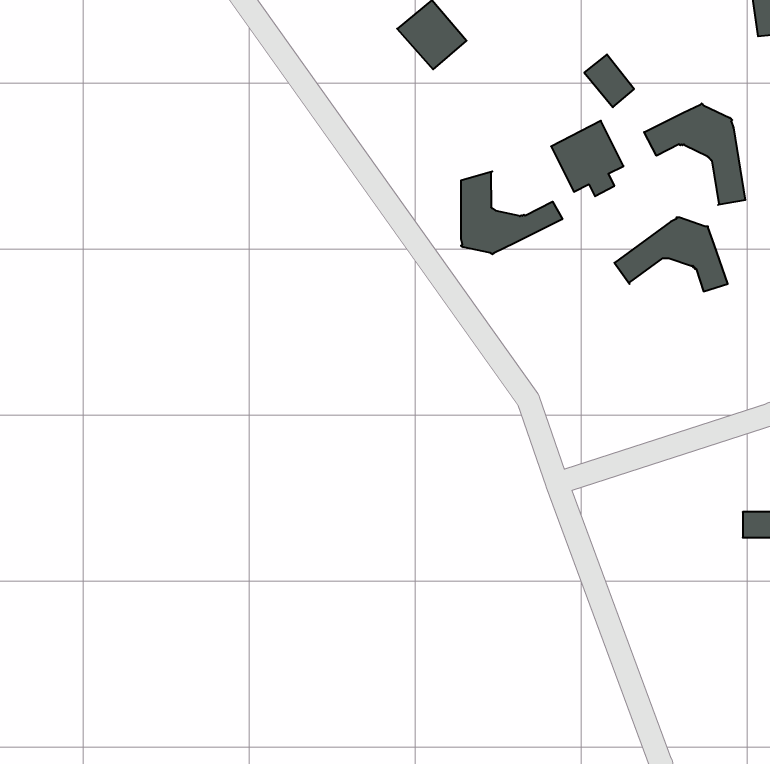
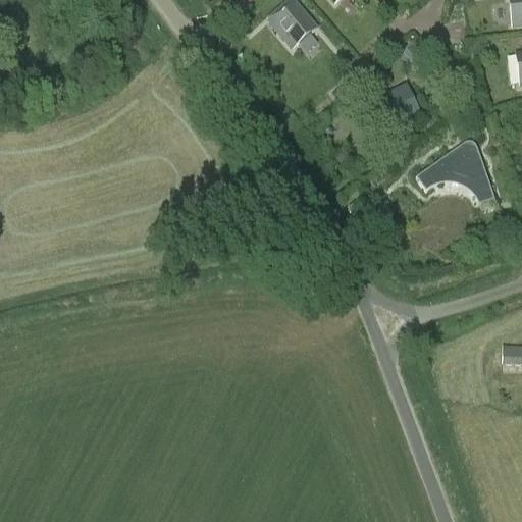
building: [644,103,745,205] -> none
building: [461,171,562,254] -> none

